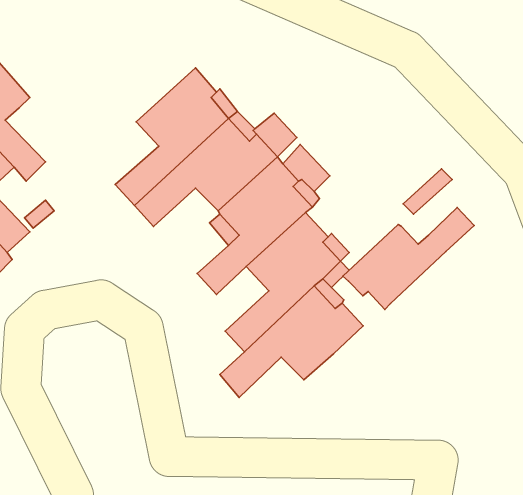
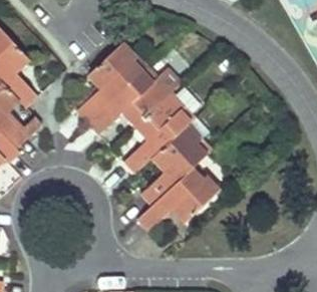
building: [343,208,474,310] -> none

